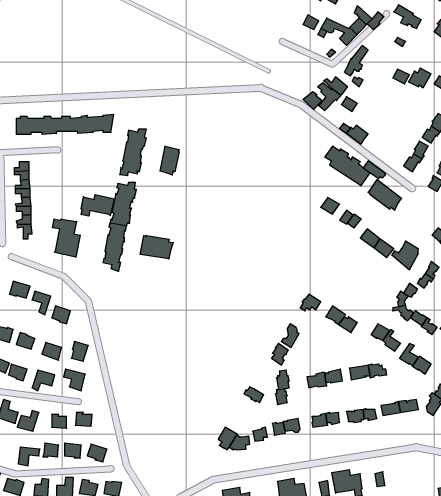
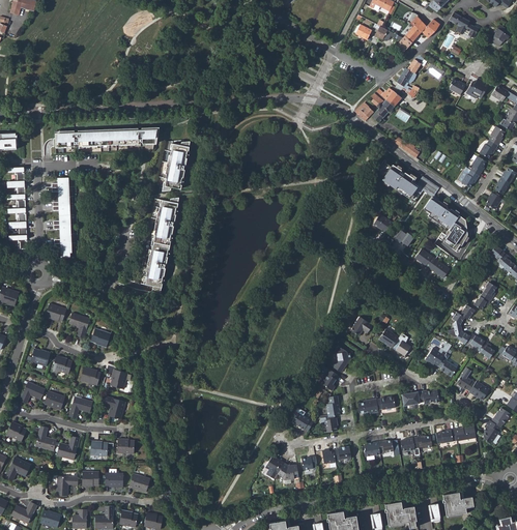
building: [160,146,179,175] -> none
building: [81,195,115,216] -> none
building: [53,219,80,257] -> none
building: [140,235,173,259] -> none
building: [392,241,418,270] -> [439,222,467,252]
building: none -> [442,491,473,514]

